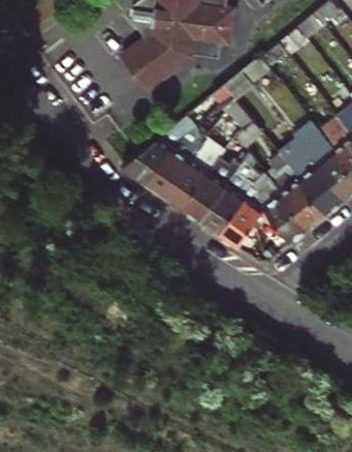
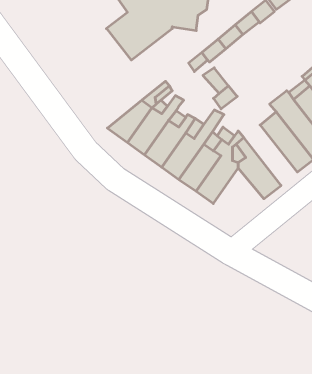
building: [265,152,328,228] -> none

